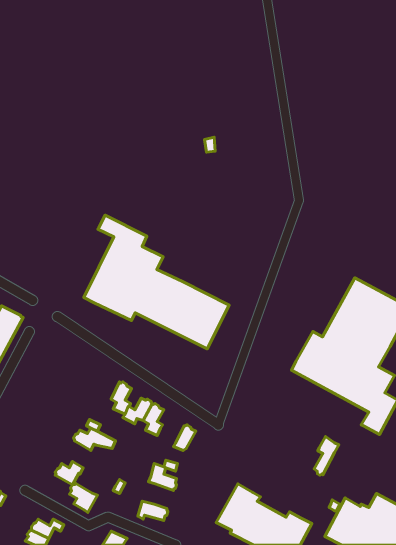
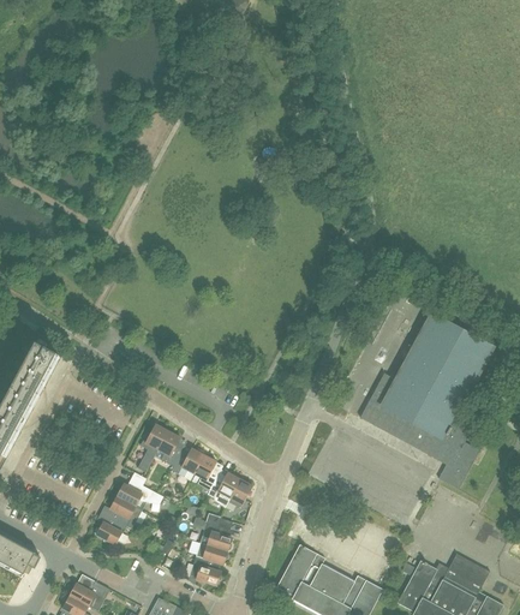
building: [84,215,229,349] -> none
building: none -> [137,424,167,472]
building: none -> [207,472,239,504]
building: [314,436,339,475] -> none
building: none -> [192,542,228,567]
building: [69,483,97,512] -> [109,496,141,529]

